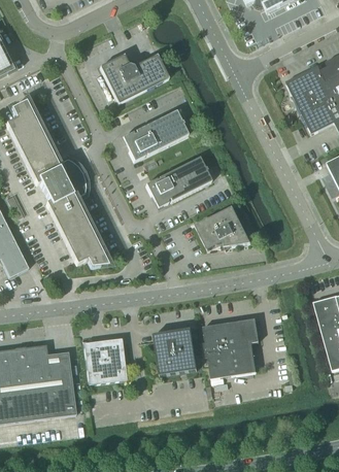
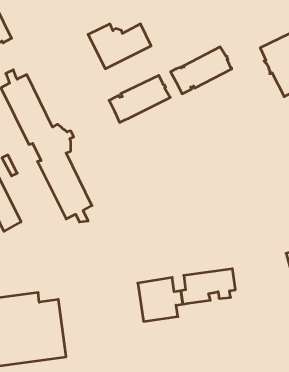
building: [145,157,211,207] -> [171,47,232,94]
building: [195,206,250,249] -> none
building: [83,338,126,383] -> none
building: [208,343,257,378] -> none

